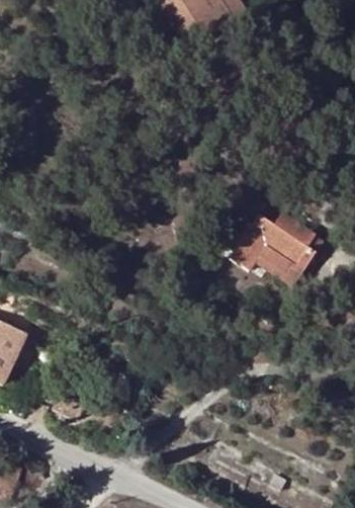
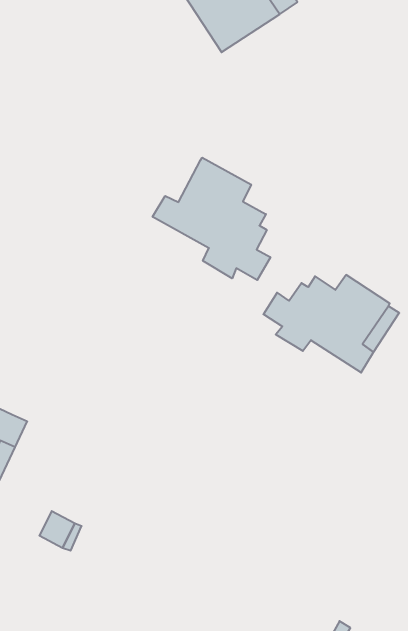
building: none -> [153,158,270,280]

